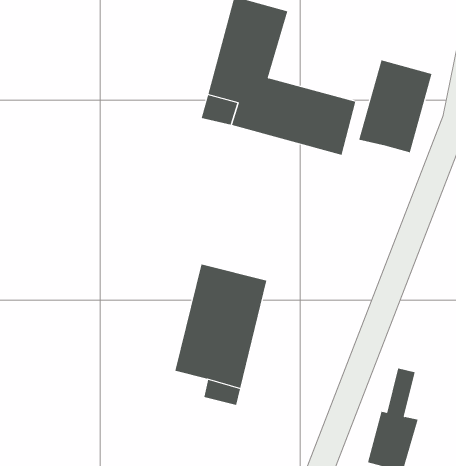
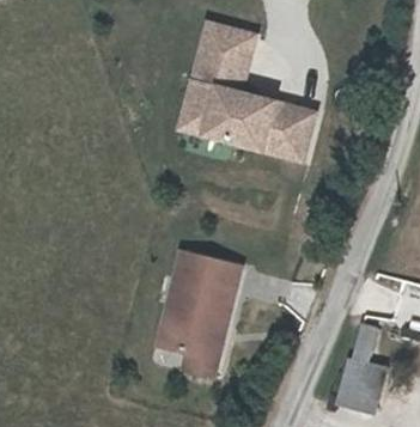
building: [359,60,432,153] -> none

